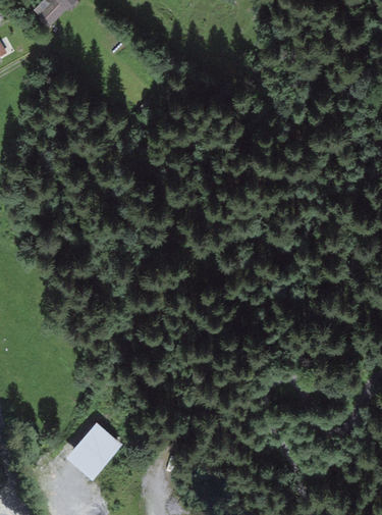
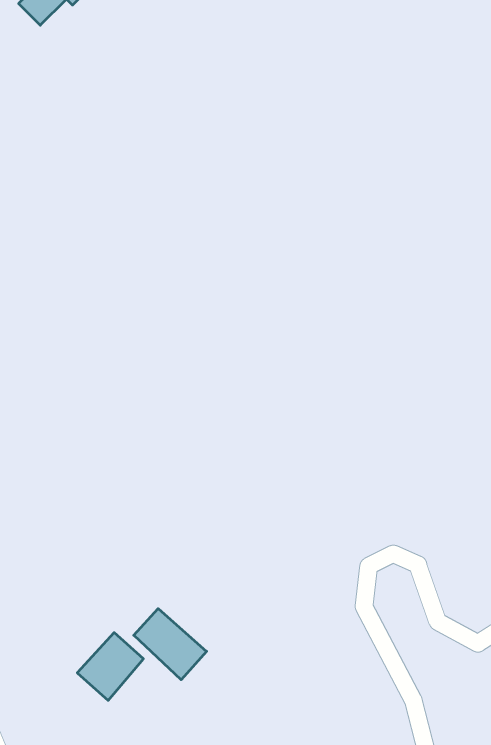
building: none -> [134,609,207,680]

